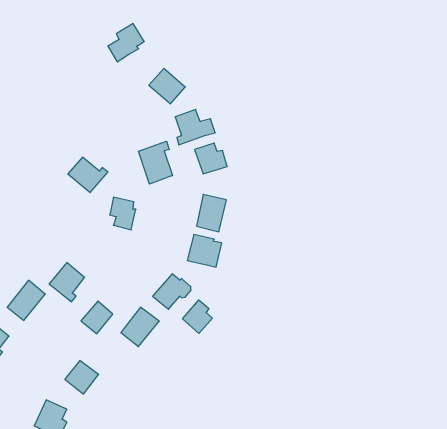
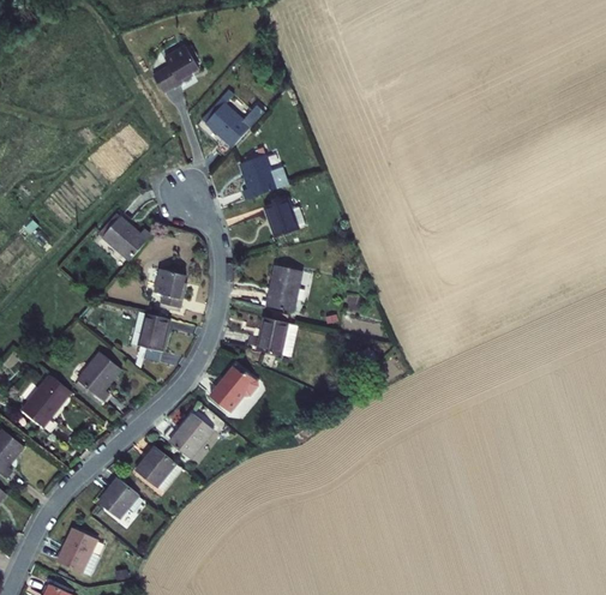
building: [139,141,172,184] -> none
building: none -> [137,313,169,351]
building: [183,300,212,333] -> none
building: [81,301,113,334] -> [134,446,175,488]

